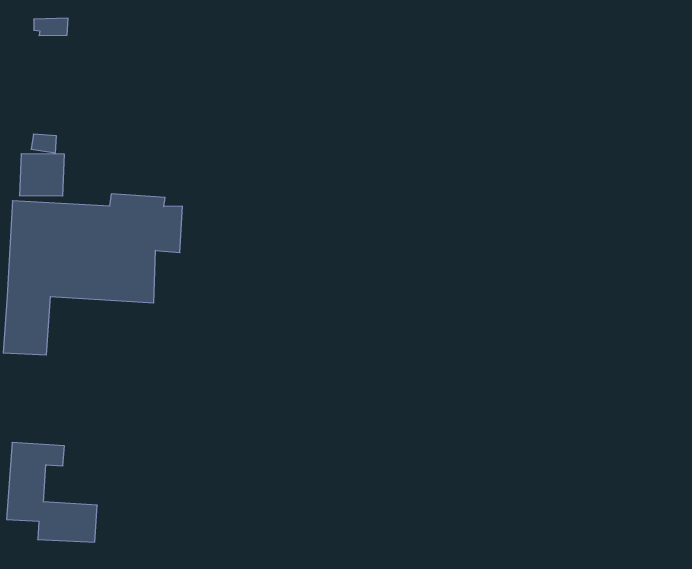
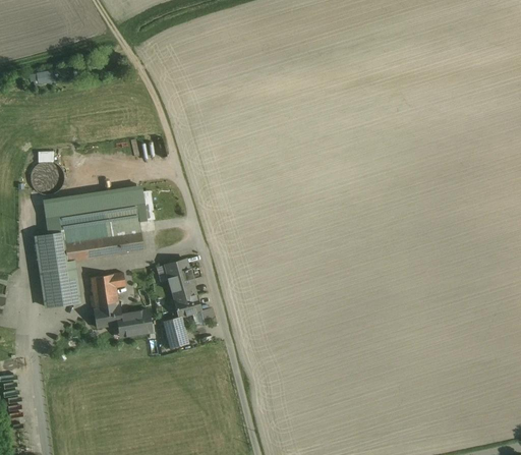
building: none -> [163,262,202,355]
building: [7,443,97,542] -> [85,272,150,336]

